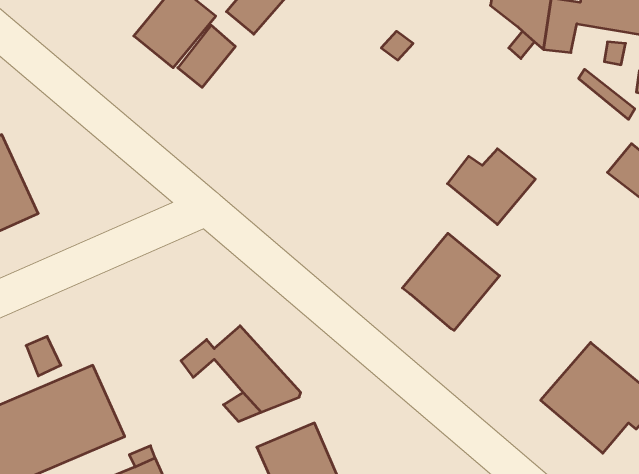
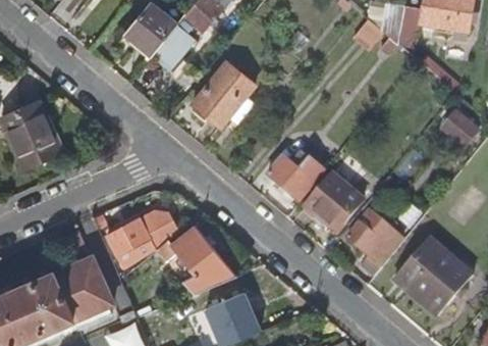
building: none -> [195,60,257,125]
building: [447,149,535,225] -> [268,153,327,204]
building: none -> [107,211,170,267]
building: none -> [348,218,399,271]

